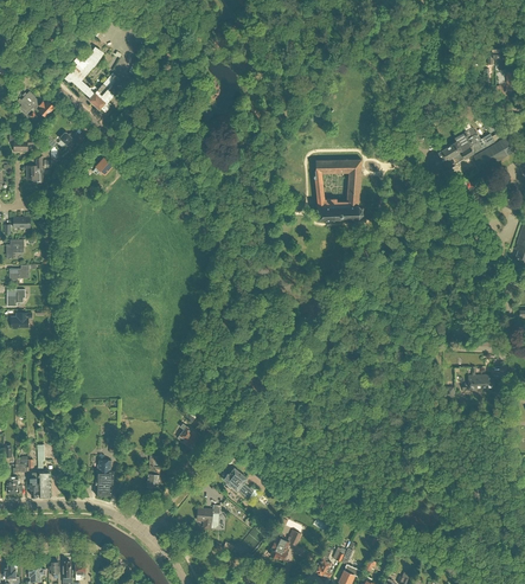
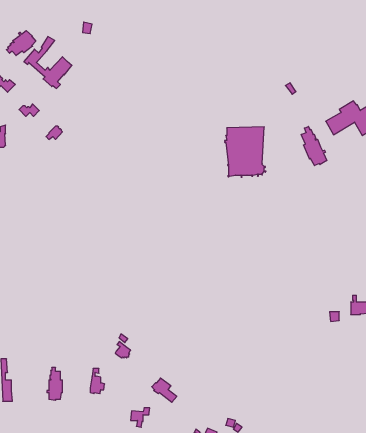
building: none -> [6,31,36,56]
building: none -> [301,126,327,166]

